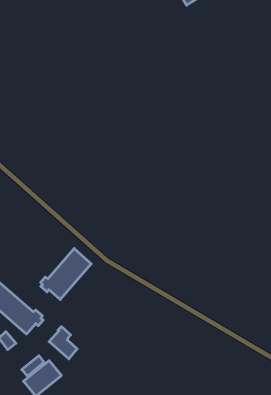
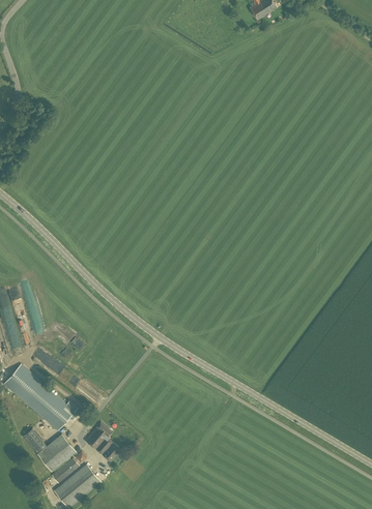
building: [41,248,91,300] -> none
building: none -> [36,432,76,471]

